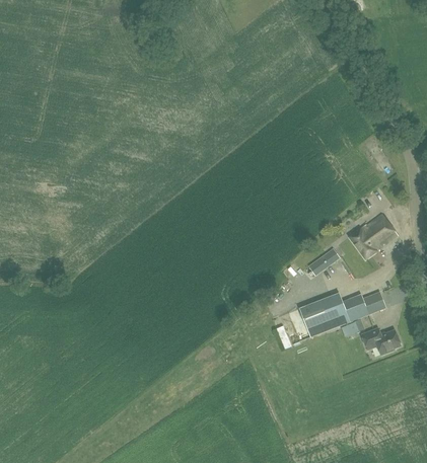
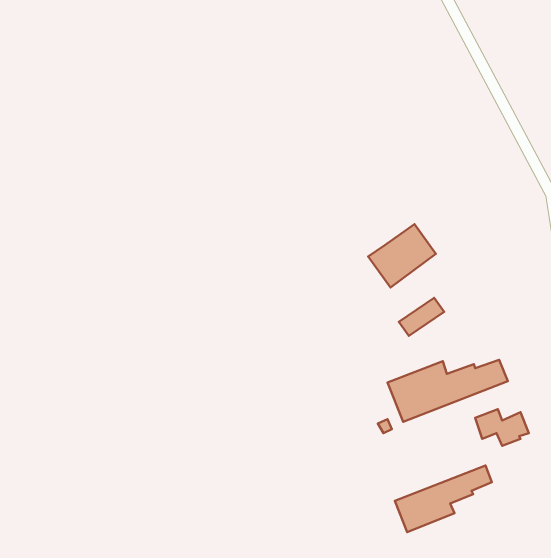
building: [349,213,398,258] -> [368,224,436,288]
building: none -> [395,466,492,532]

